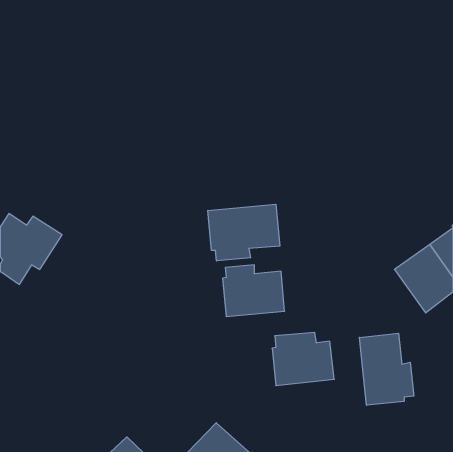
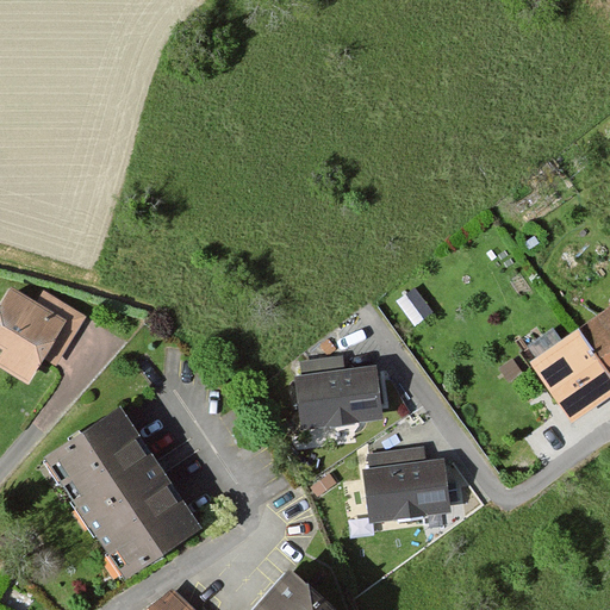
building: [208,204,280,261] -> none
building: none -> [44,407,199,575]
building: [359,333,414,405] -> none

